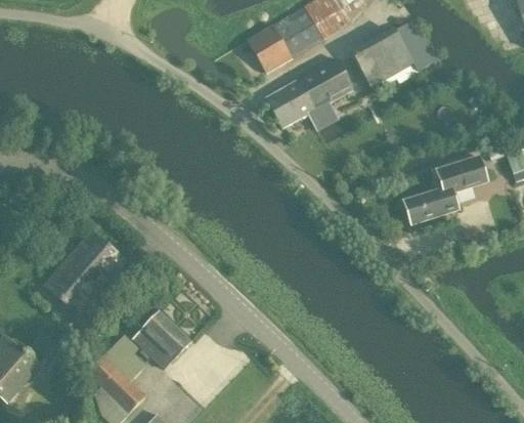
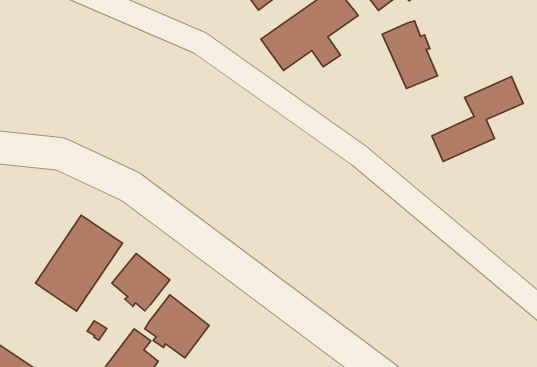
building: none -> [382,21,437,89]
building: none -> [112,254,170,311]

